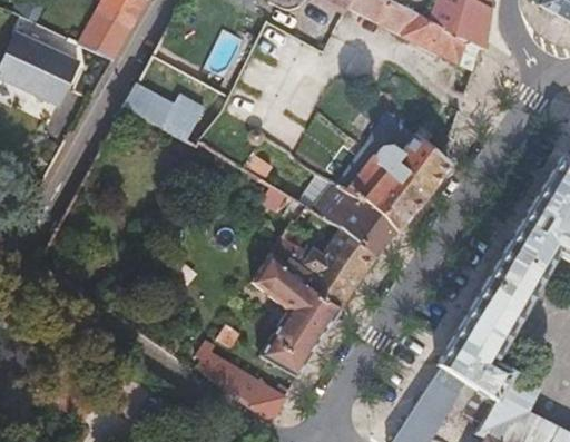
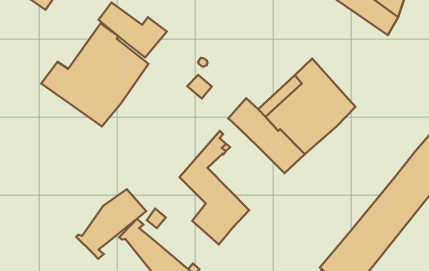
building: none -> [41,24,149,127]
building: [283,229,376,308] -> none
building: none -> [76,189,146,259]
building: [261,332,311,377] -> none

